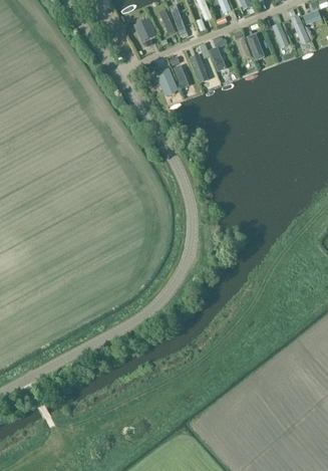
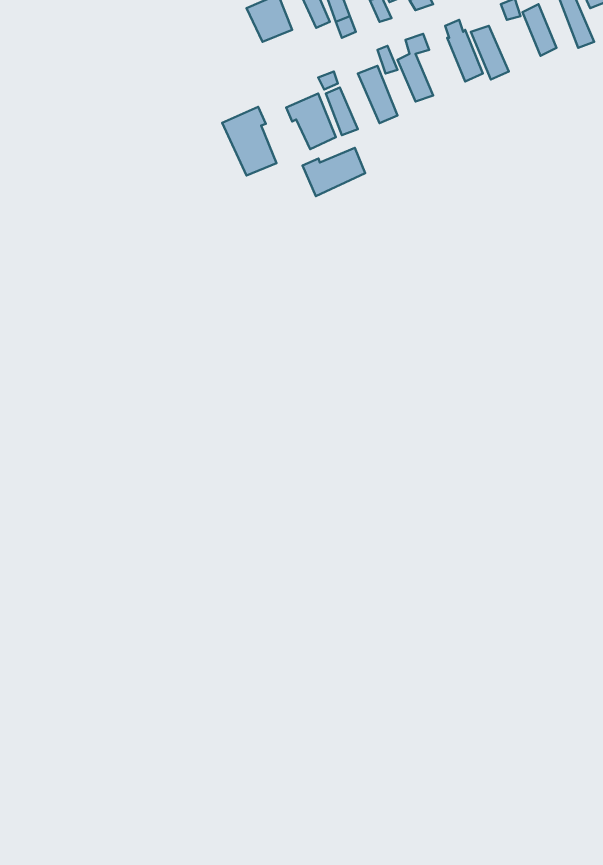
building: none -> [222,107,276,175]
building: none -> [302,148,365,196]

